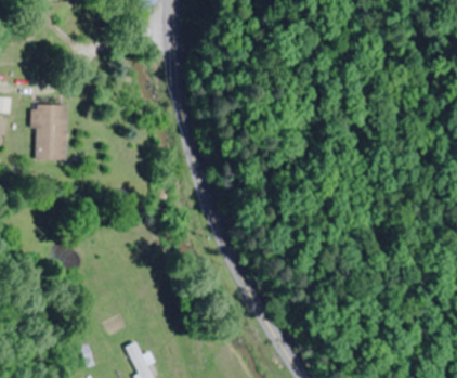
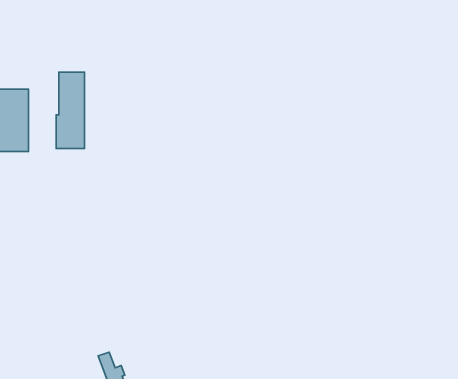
building: none -> [56,72,85,149]

